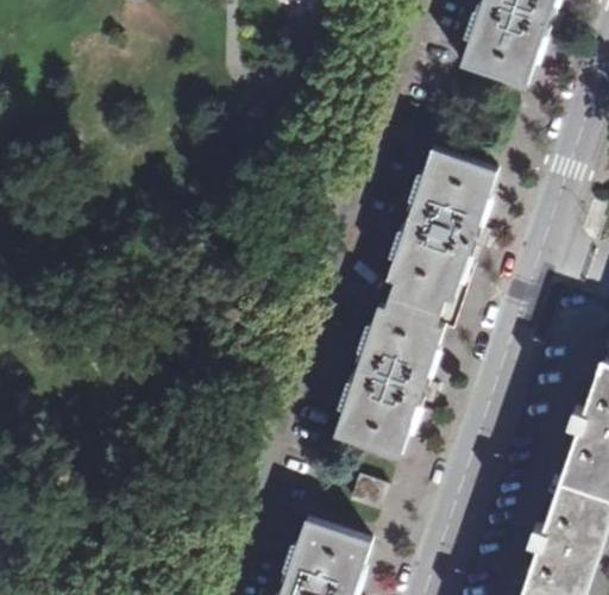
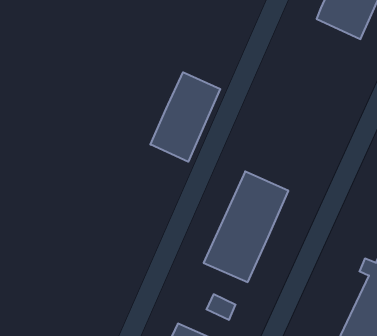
building: [384,151,495,311] -> none
building: none -> [150,72,220,162]

